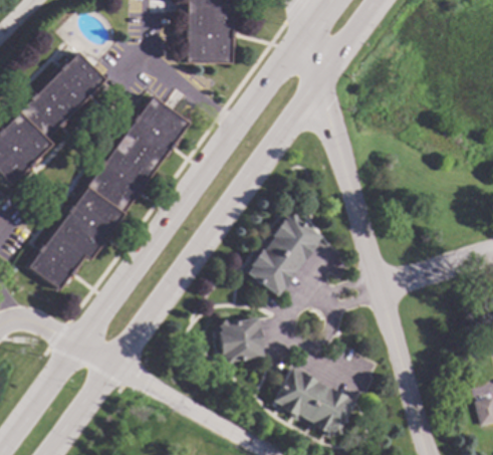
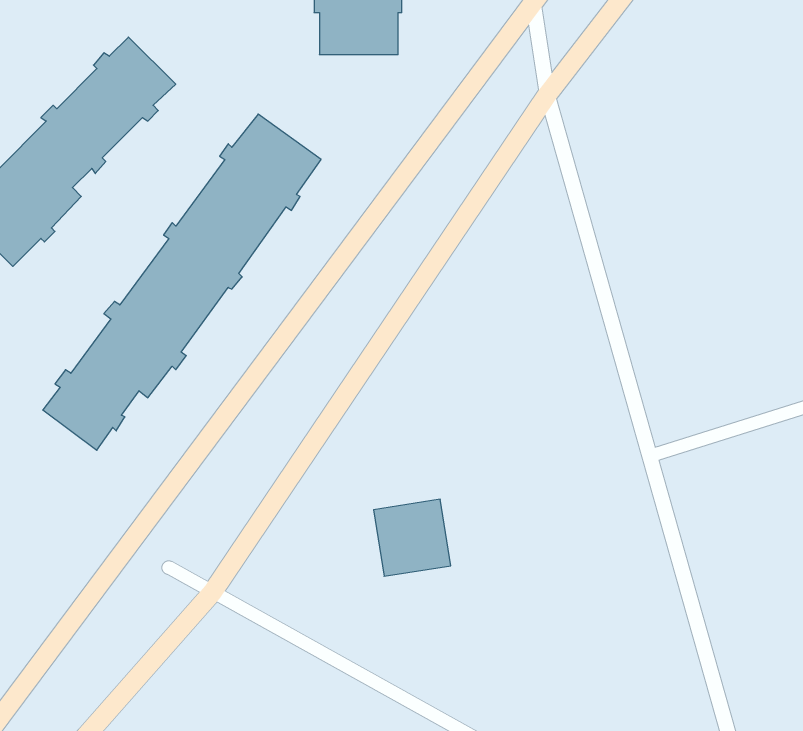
building: [245,213,318,294] -> none
building: [272,367,353,435] -> none

